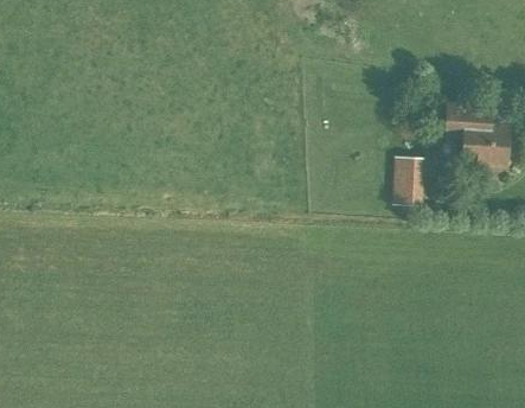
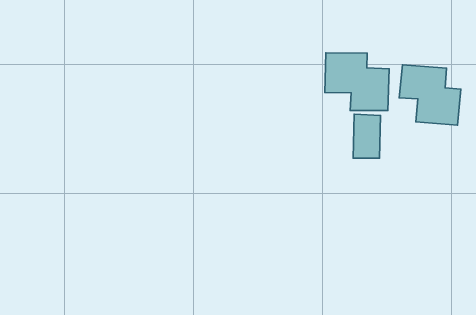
building: none -> [325,53,389,111]

